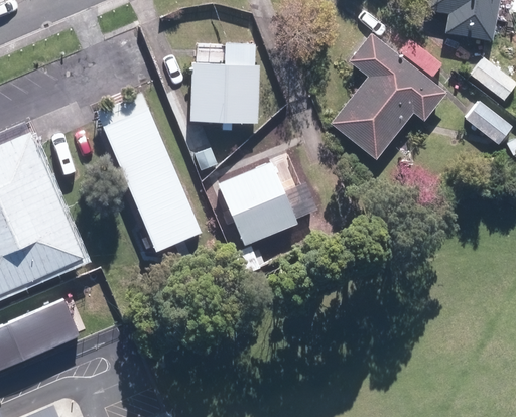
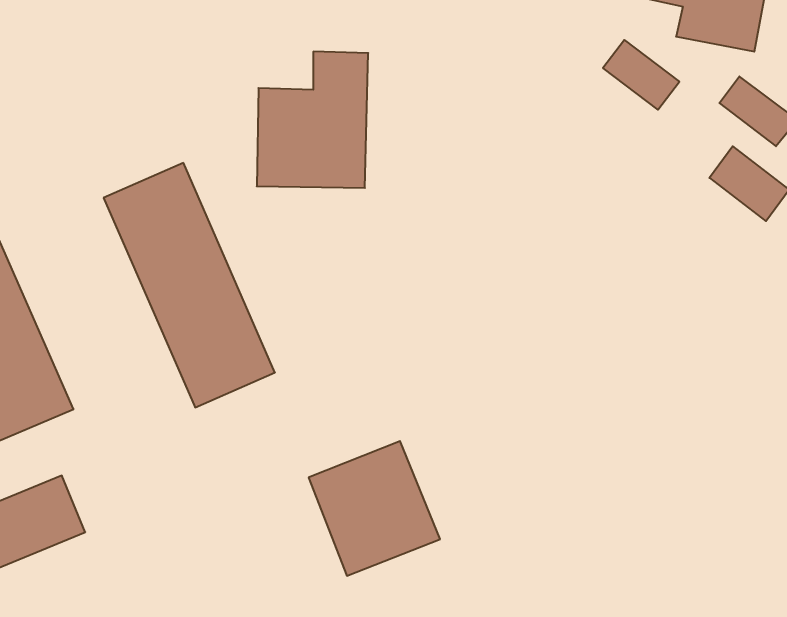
building: [329,33,446,160] -> none
building: [217,161,296,243] -> [309,441,440,576]

